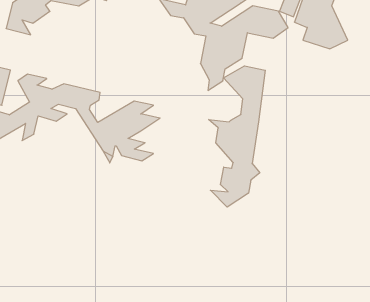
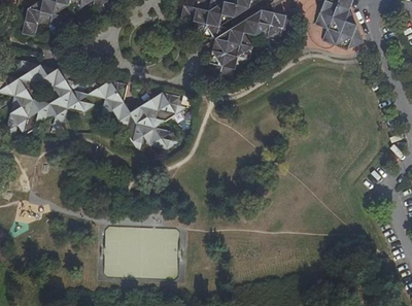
building: [209,66,265,207] -> none

